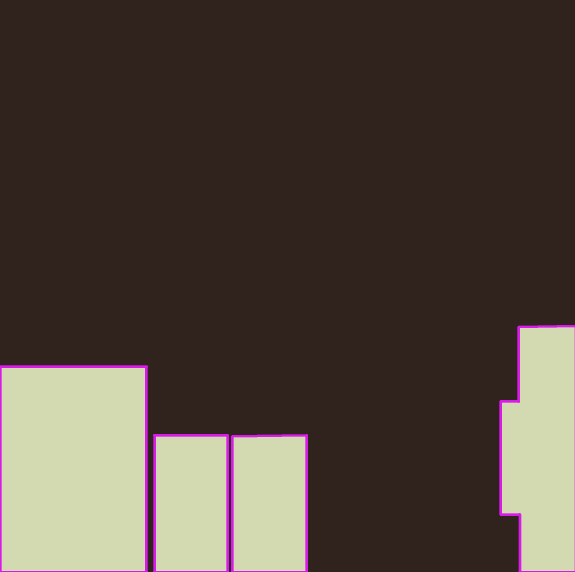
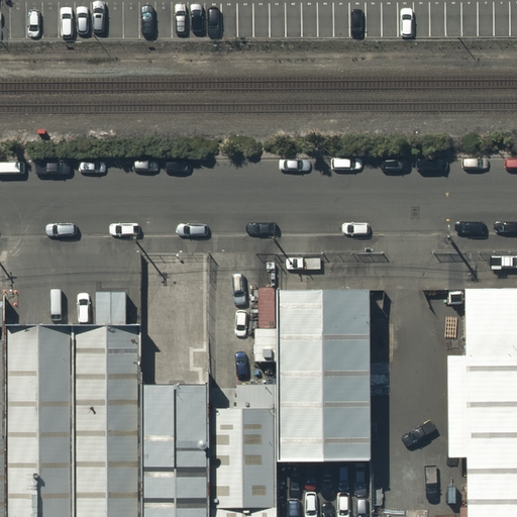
building: none -> [277,294,373,466]

